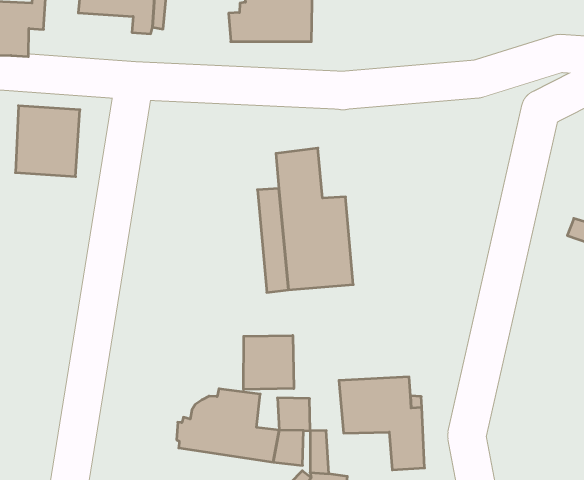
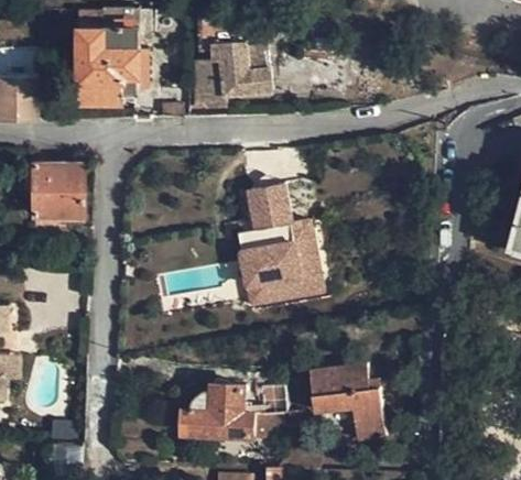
building: none -> [77,81,123,105]
building: [244,335,294,390] -> none

